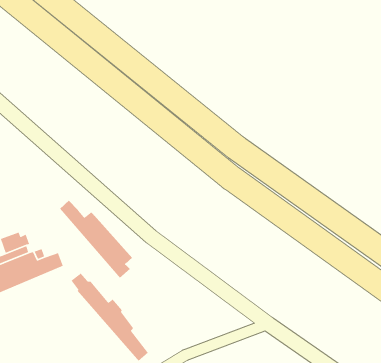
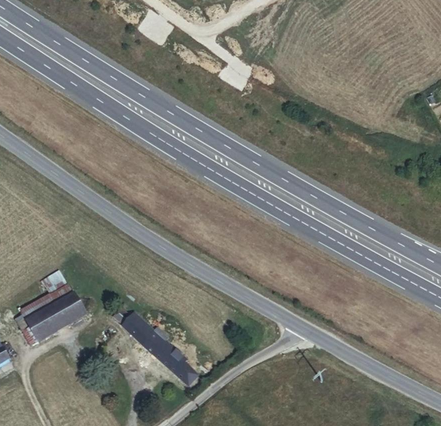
building: [59,200,133,279] -> none

